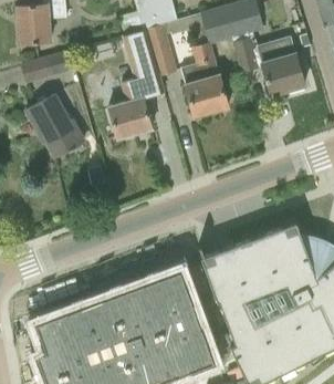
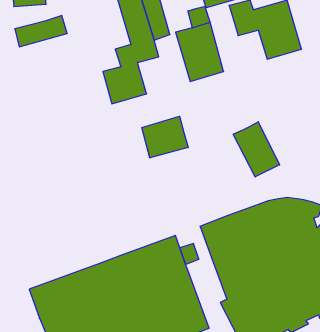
building: [25,95,84,157] -> none
building: none -> [142,116,188,158]
building: none -> [233,122,280,177]

